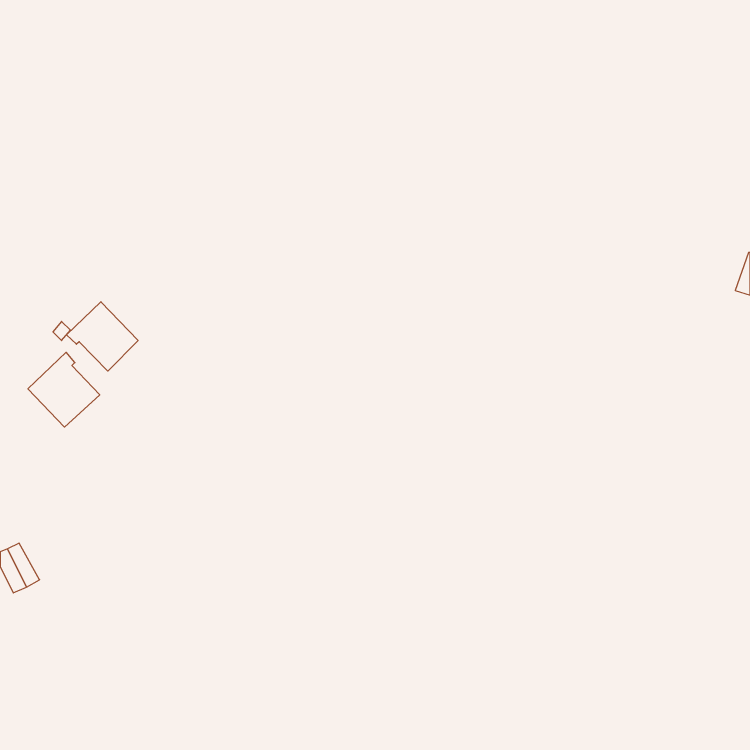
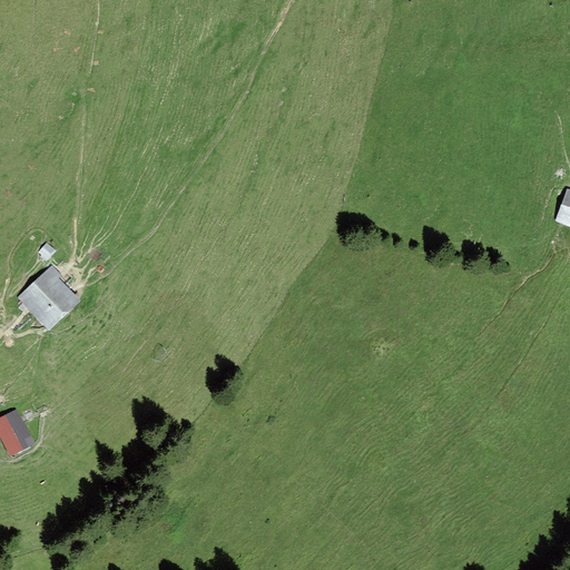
building: [66,302,138,371] -> none

